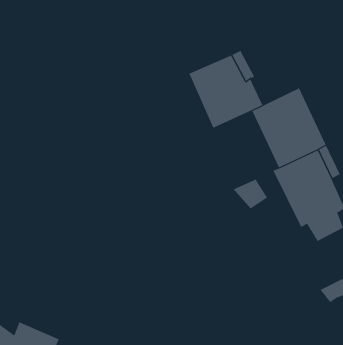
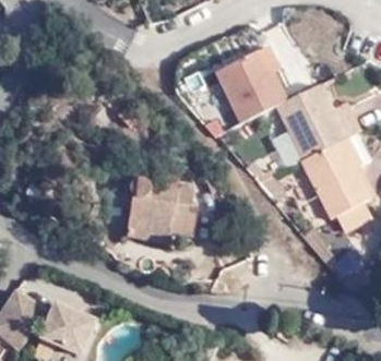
building: none -> [120,165,193,238]

